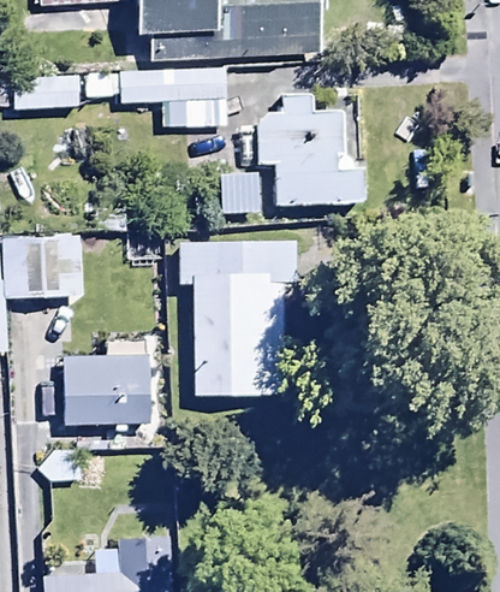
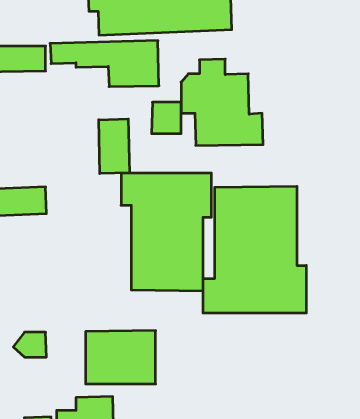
building: none -> [99,119,129,174]
building: none -> [203,186,306,313]
building: [61,332,153,402] -> [86,331,156,384]

